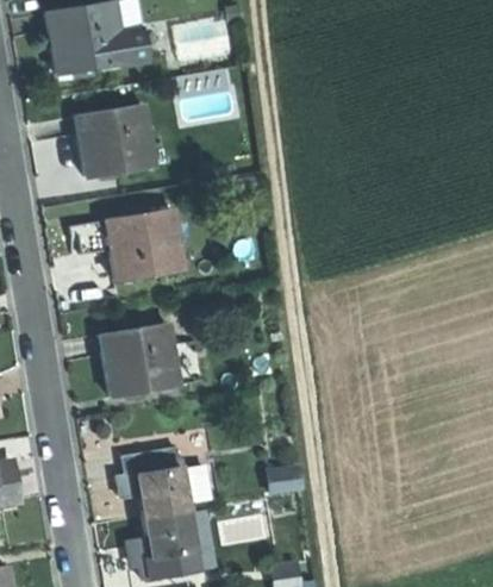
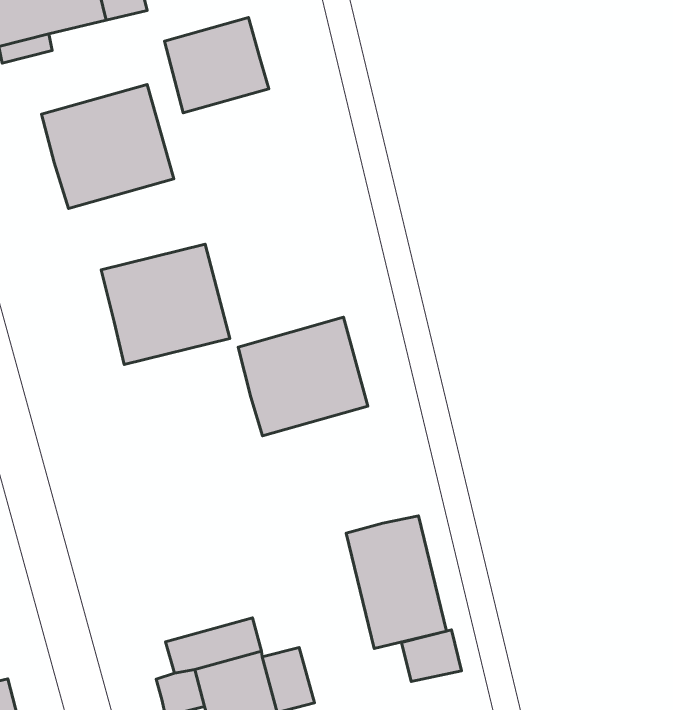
building: none -> [164,18,269,113]
building: [100,324,177,393] -> [238,317,368,436]
building: none -> [346,516,446,649]

